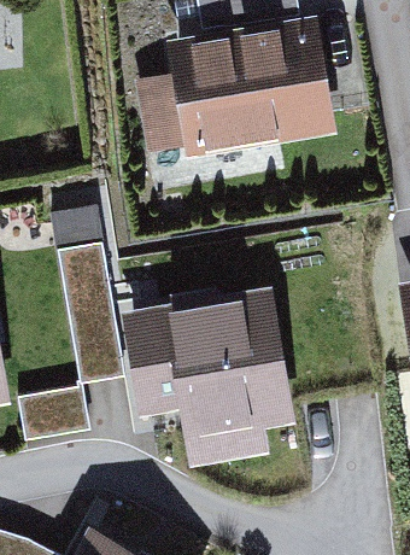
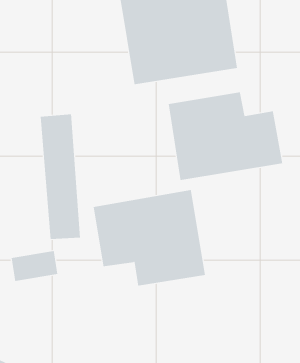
building: none -> [168,91,283,181]

